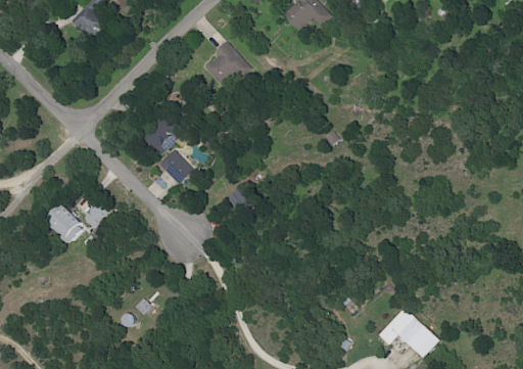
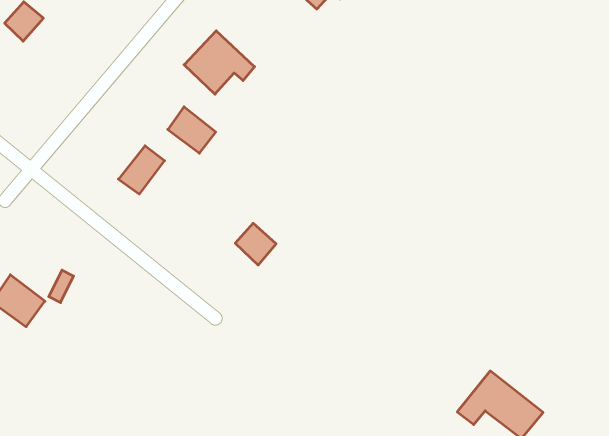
building: [158,148,193,183] -> [168,107,216,153]

